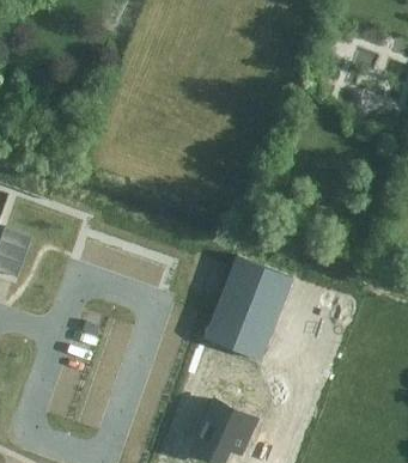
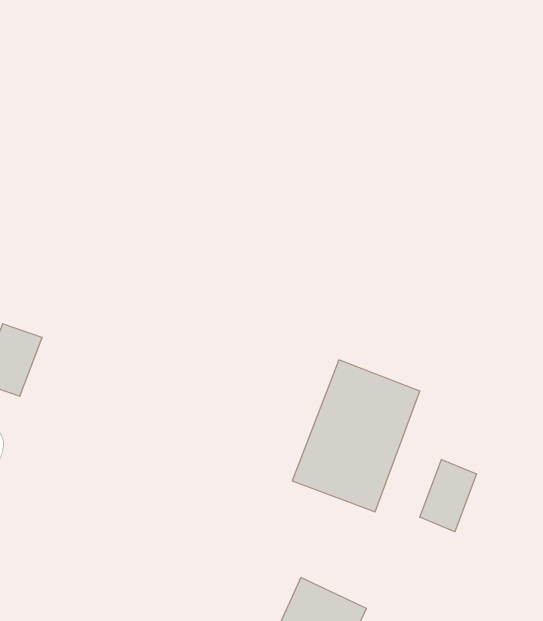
building: none -> [420,459,477,532]

